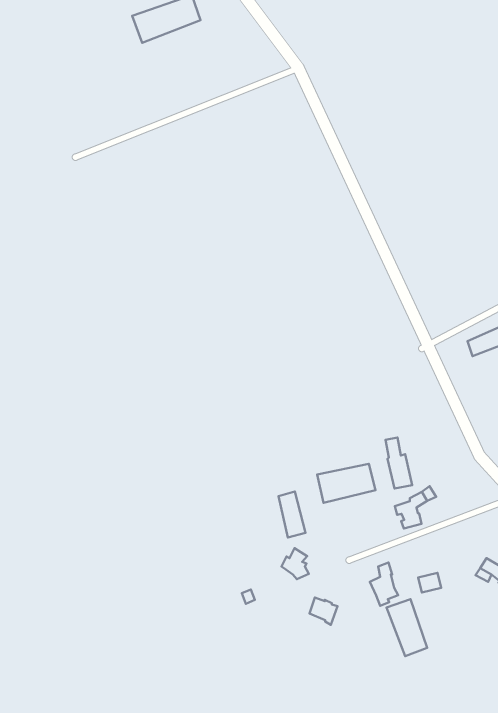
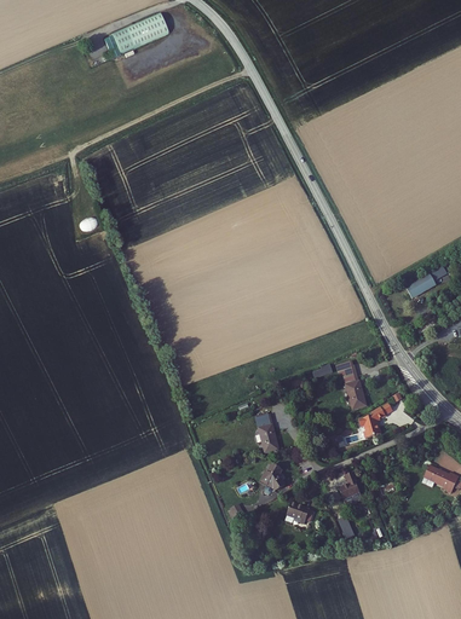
building: [317,464,375,503] -> none
building: [387,599,427,656] -> none

